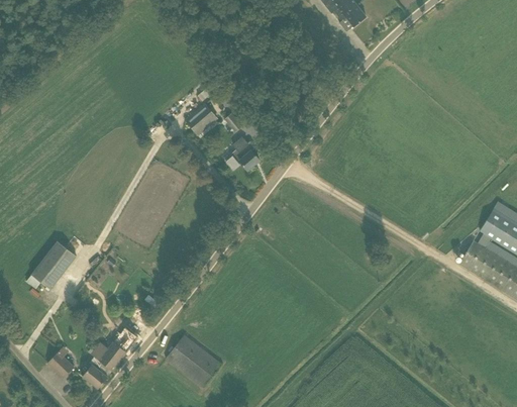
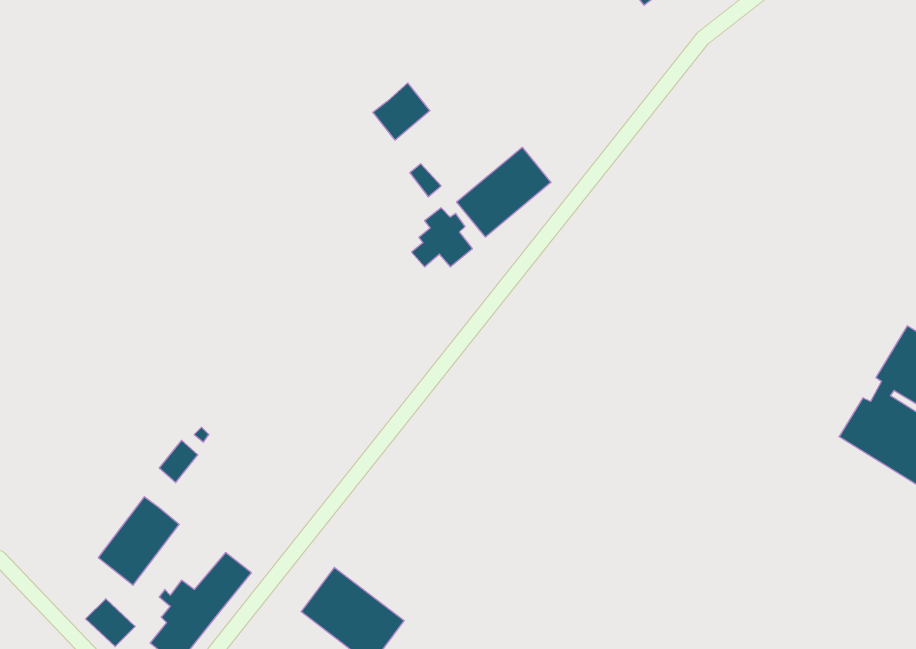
building: [186,103,217,134] -> [373,83,430,140]
building: none -> [457,147,551,237]
building: [32,240,77,289] -> [98,497,179,585]

